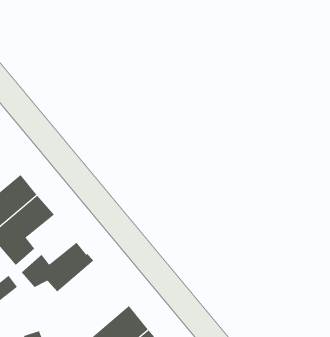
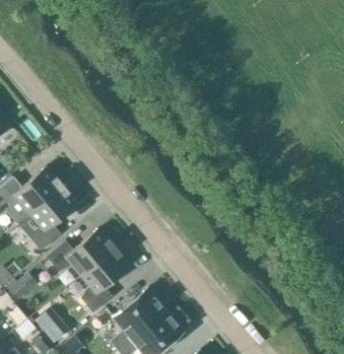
building: none -> [80,247,129,313]

